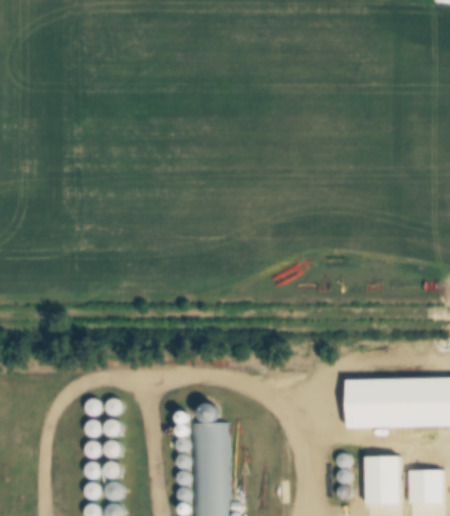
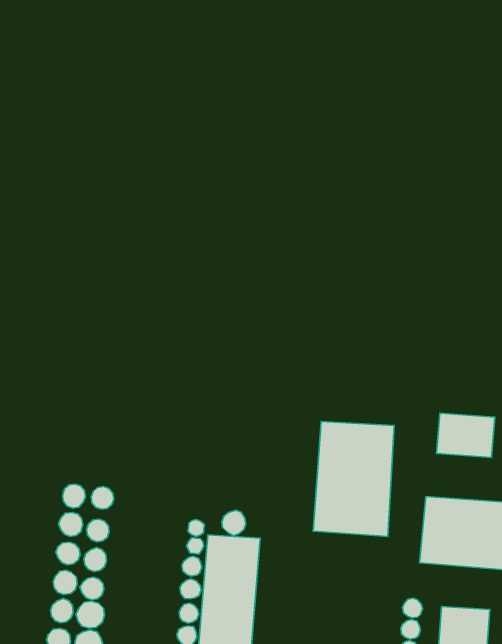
building: none -> [437,413,495,458]
building: none -> [313,421,394,537]

